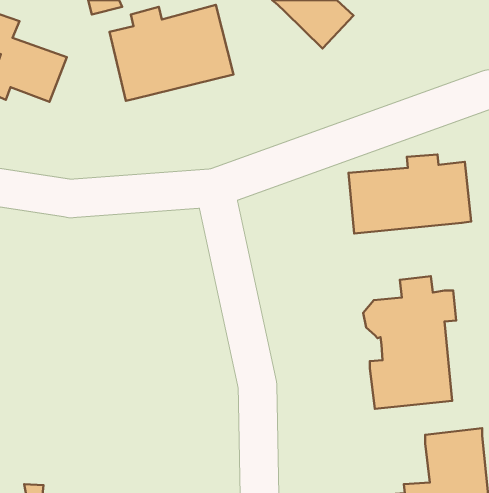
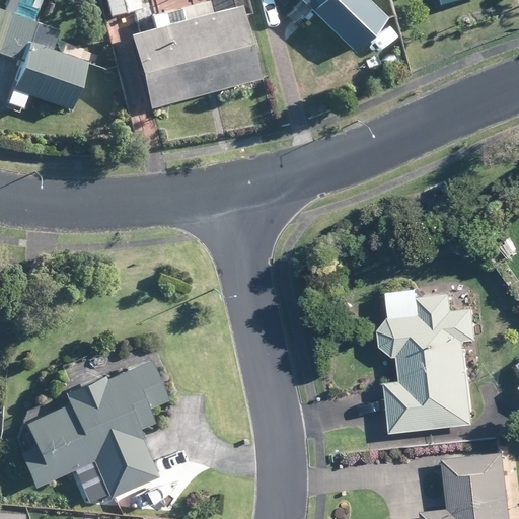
building: [348,155,471,233] -> none
building: none -> [19,362,168,498]

